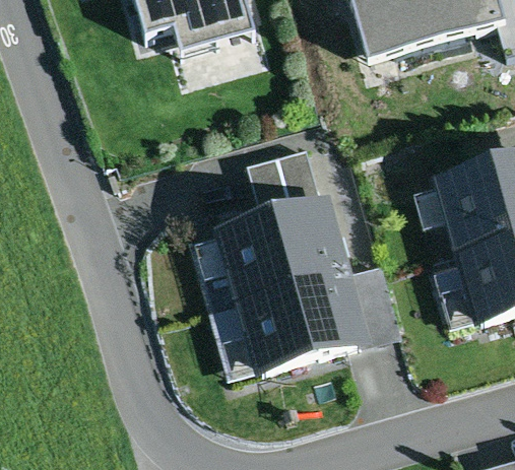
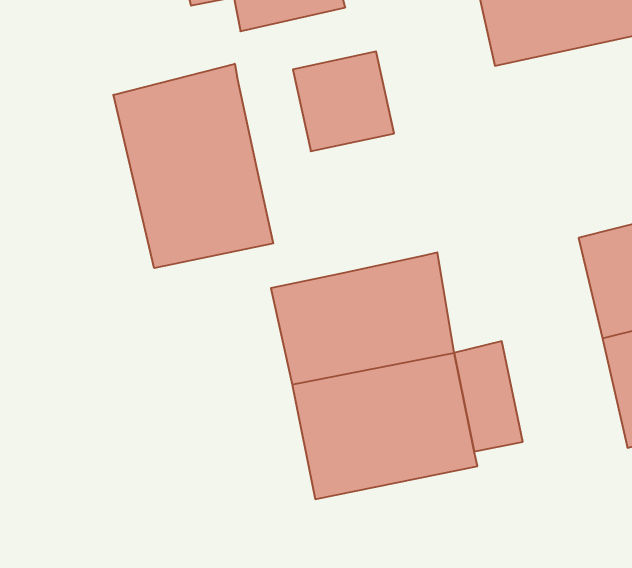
building: none -> [113,64,273,268]
building: [247,143,322,217] -> [293,51,394,151]

